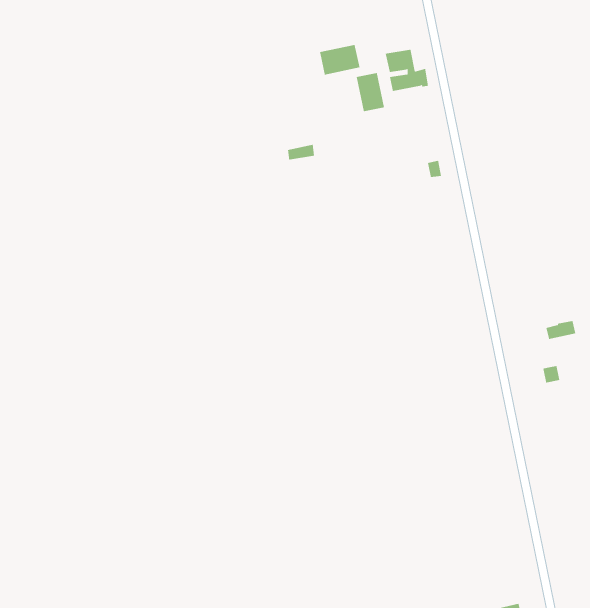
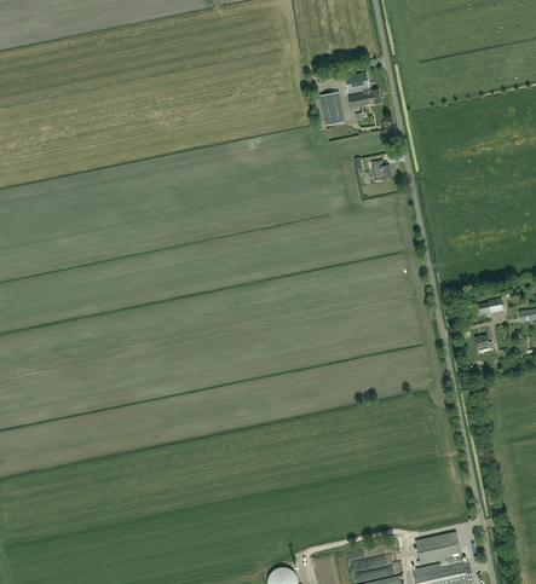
building: [319,44,360,75] -> none

